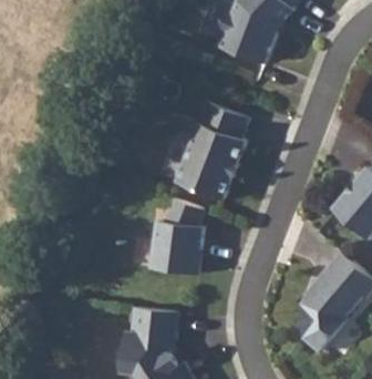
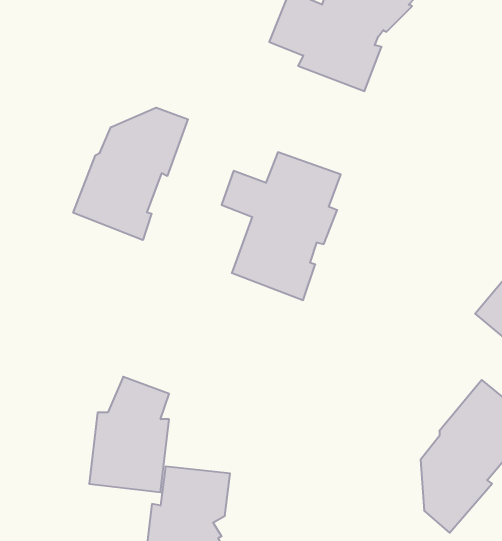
building: none -> [73,108,188,240]
building: [152,198,204,274] -> [89,377,169,492]

